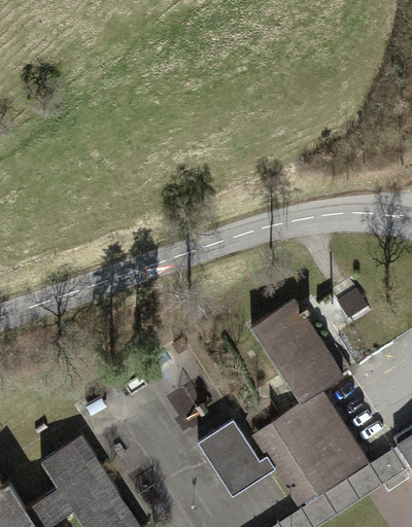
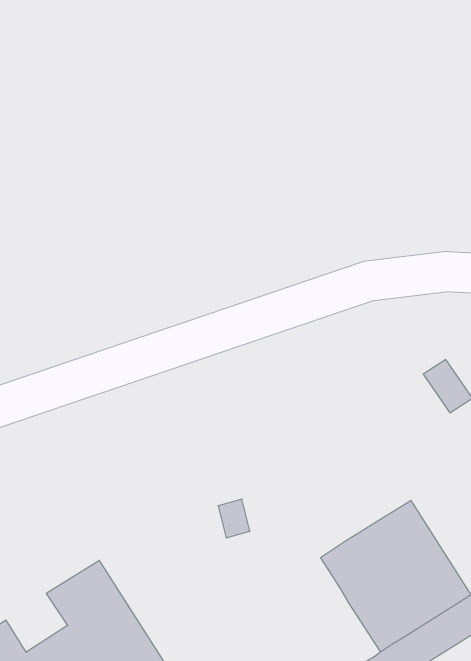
building: [251,301,343,405] -> none
building: [198,421,274,497] -> none

